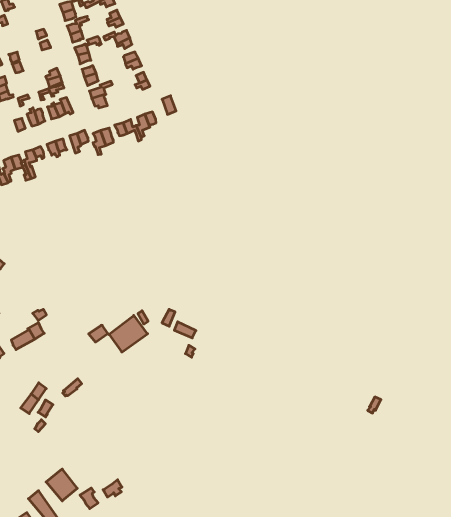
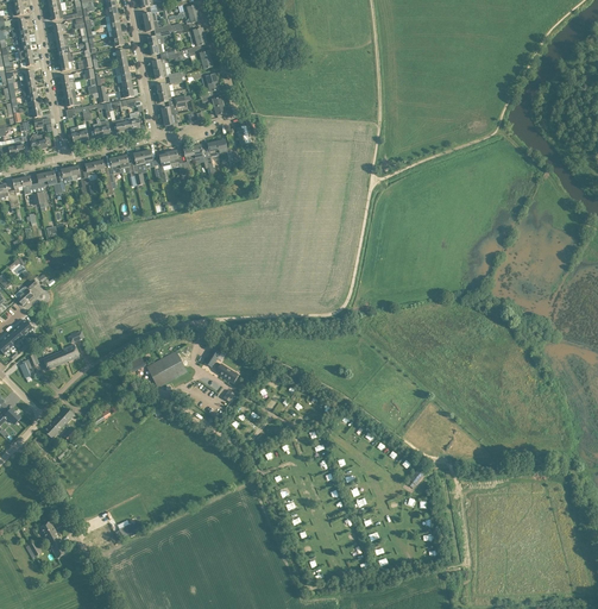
building: [46,469,77,501] -> none

